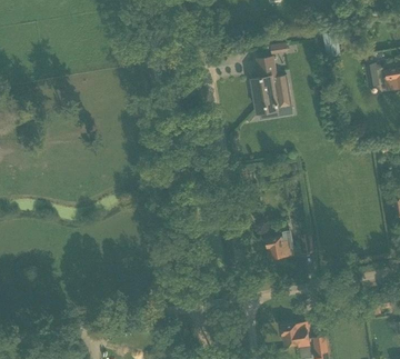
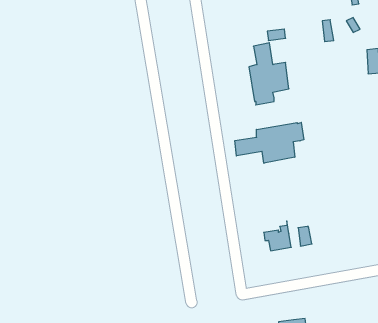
building: none -> [235,122,304,163]

